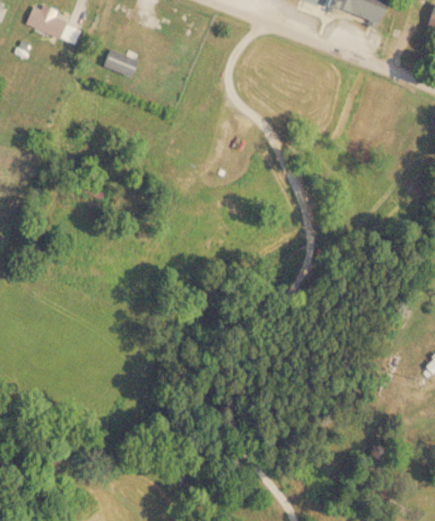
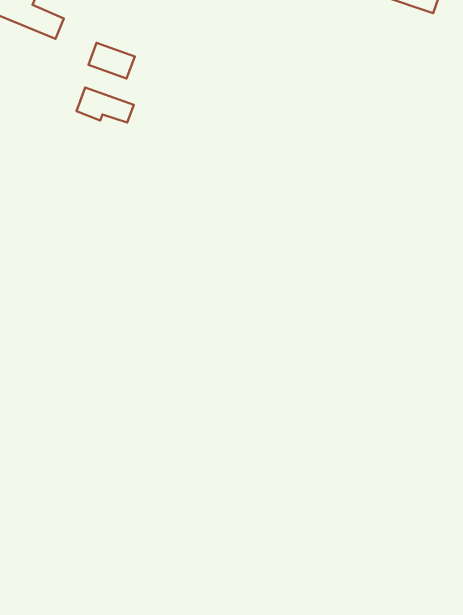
building: none -> [76,88,134,123]

